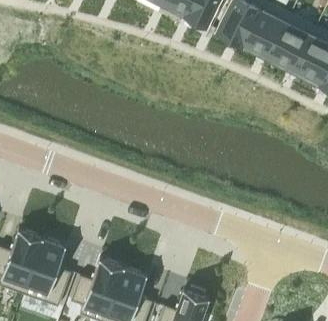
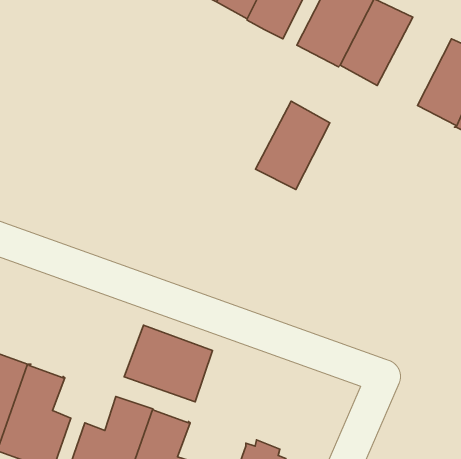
building: [269,14,317,71] -> [255,101,330,189]
building: none -> [124,325,213,402]

